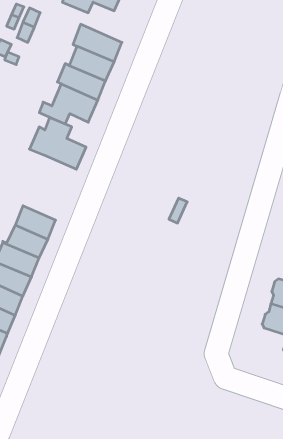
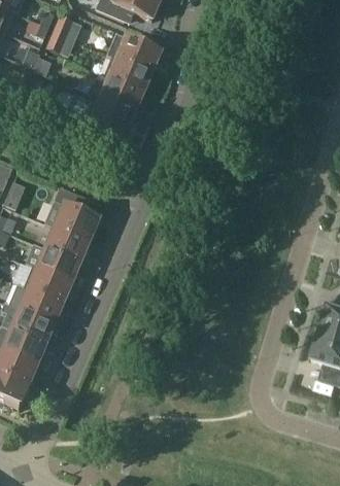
building: [29,117,86,169] -> [38,186,99,242]

